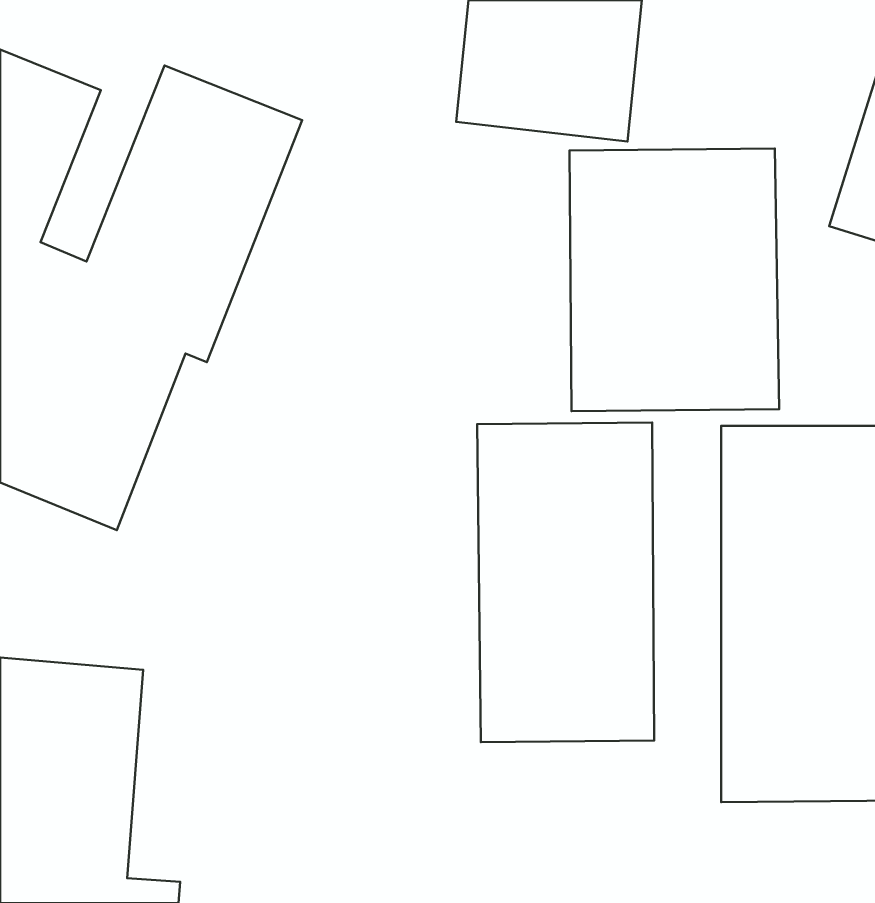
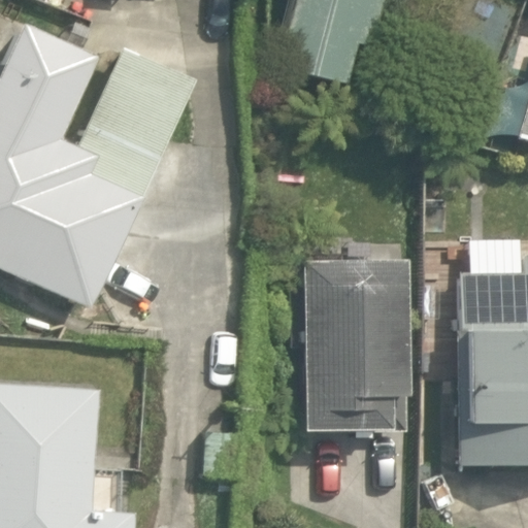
building: [569,148,779,411] -> none

